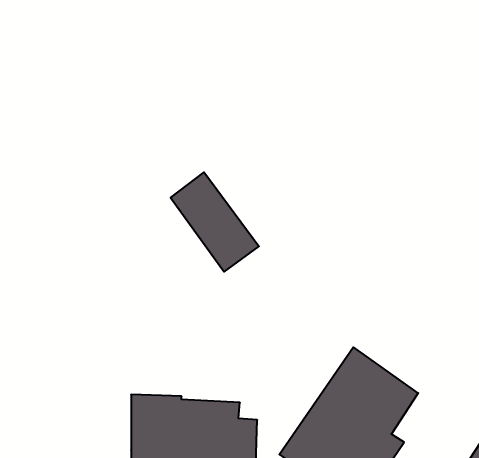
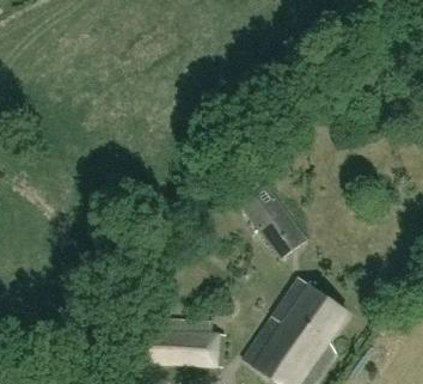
building: [171,172,259,272] -> [239,184,306,260]

